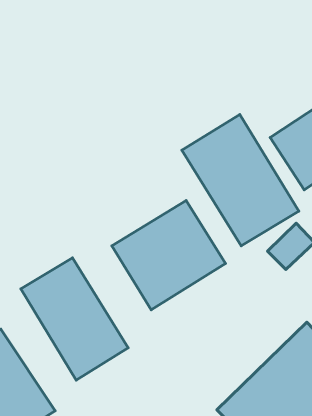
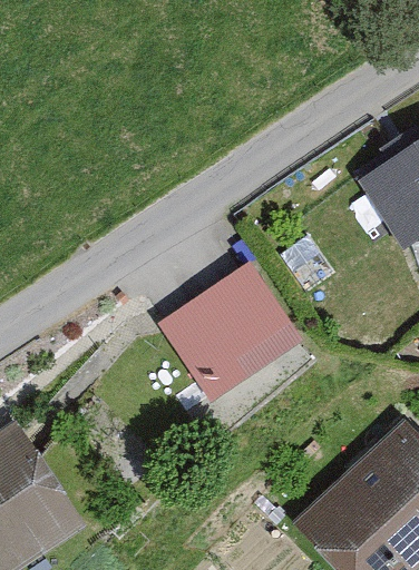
building: [182,114,299,246] -> none
building: [21,258,128,380] -> none

